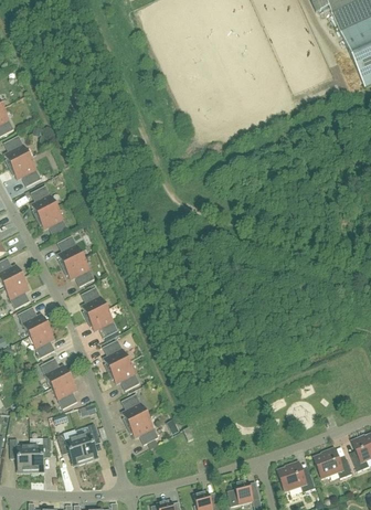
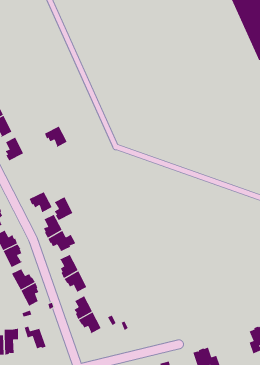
building: [36,208,67,236] -> [44,126,68,148]
building: [57,235,83,267] -> [54,196,73,221]
building: [75,424,99,461] -> none
building: [312,448,351,478] -> none

